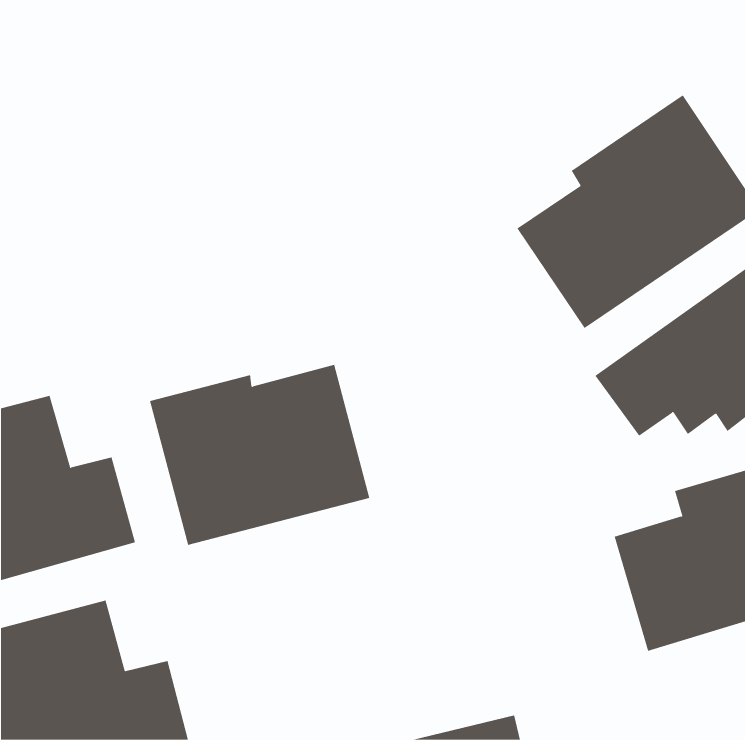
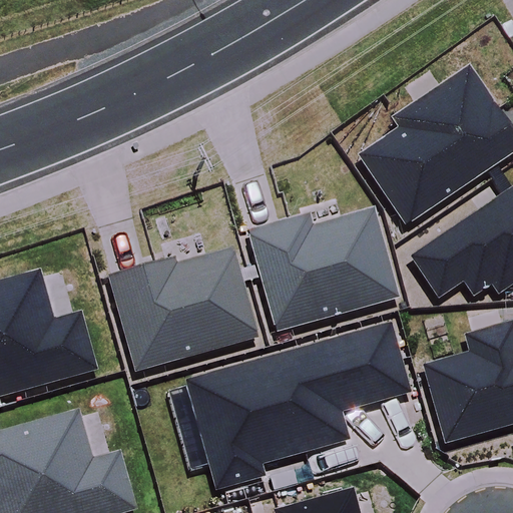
building: none -> [246,207,399,333]
building: none -> [185,323,410,488]

